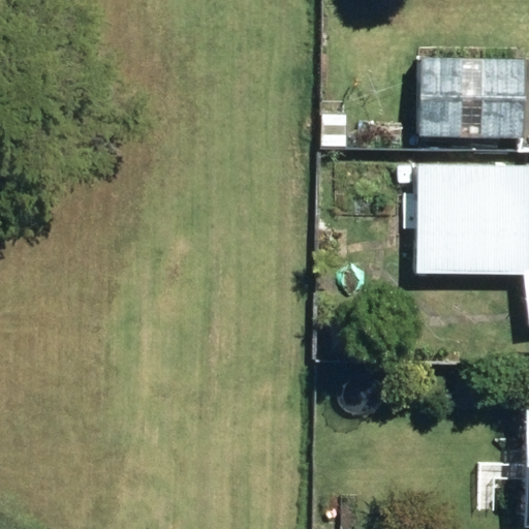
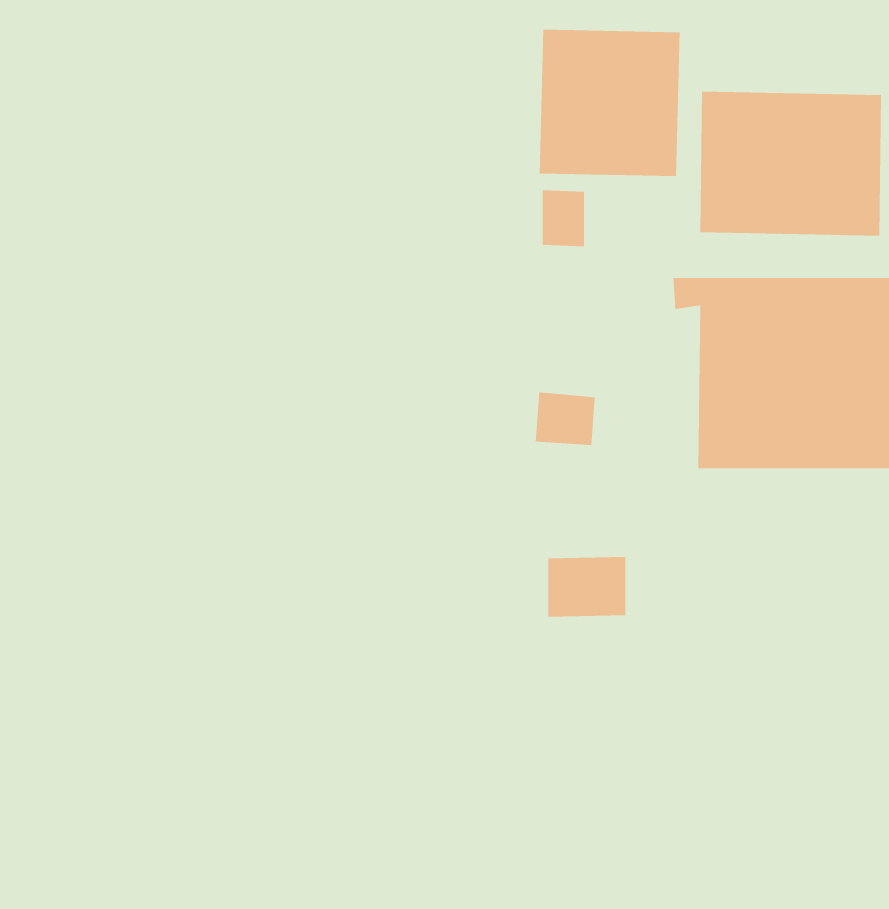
building: none -> [539,29,680,177]

